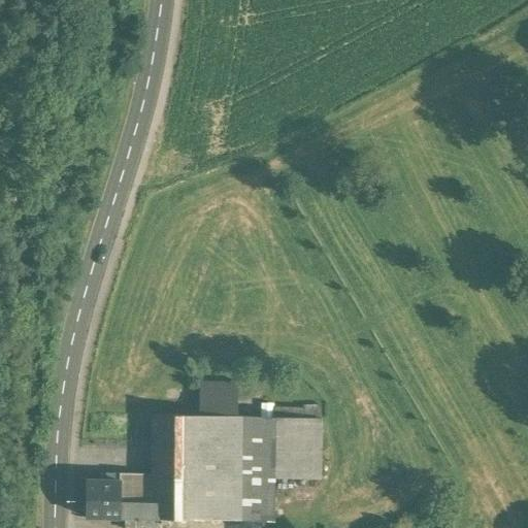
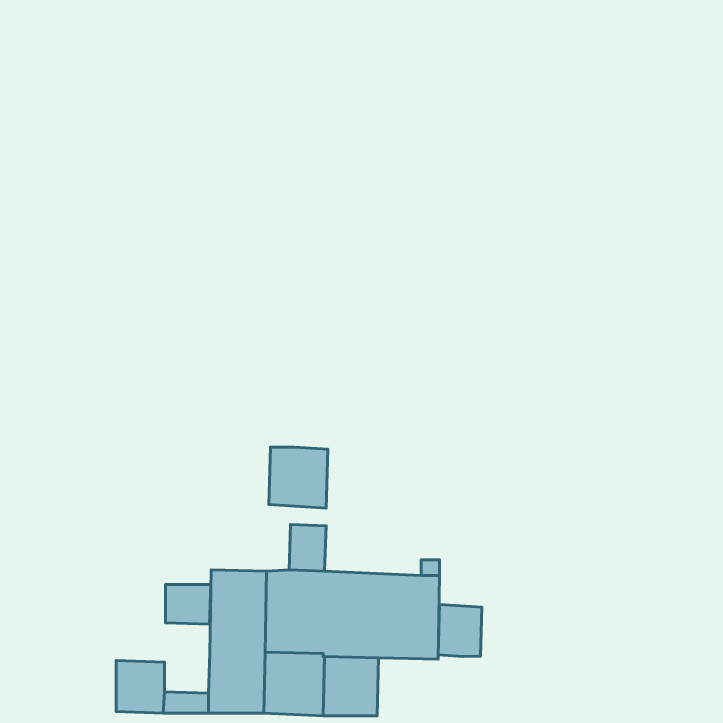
building: none -> [269,447,328,508]
building: none -> [438,605,482,656]
building: [121,475,154,504] -> [166,585,211,624]

